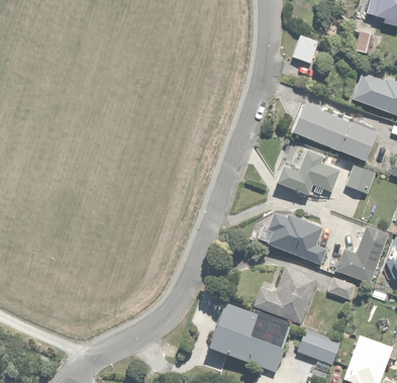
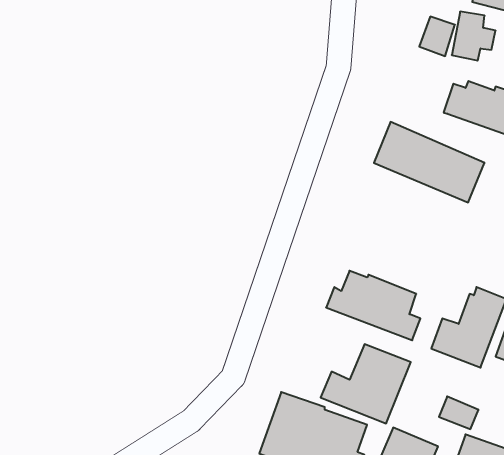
building: [293,33,319,63] -> [419,17,455,56]
building: [275,151,340,195] -> none
building: [345,163,376,194] -> none
building: [327,276,357,300] -> [439,396,479,429]

